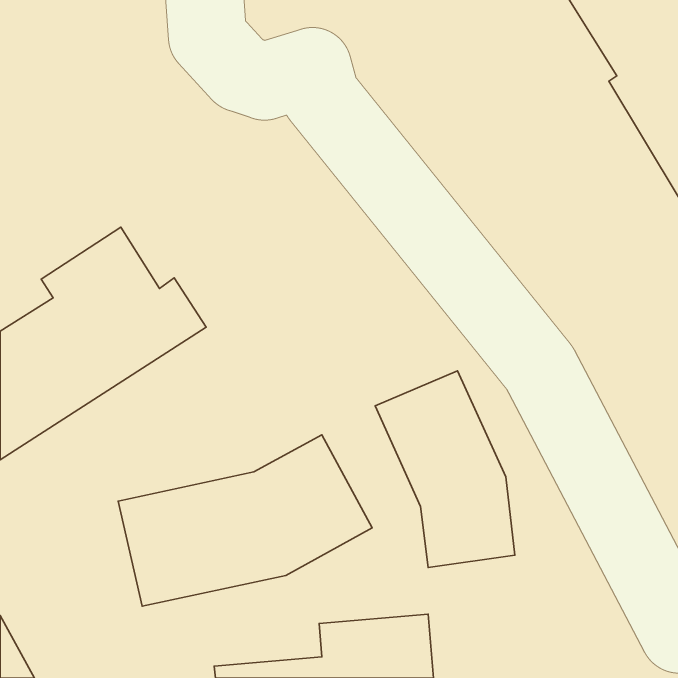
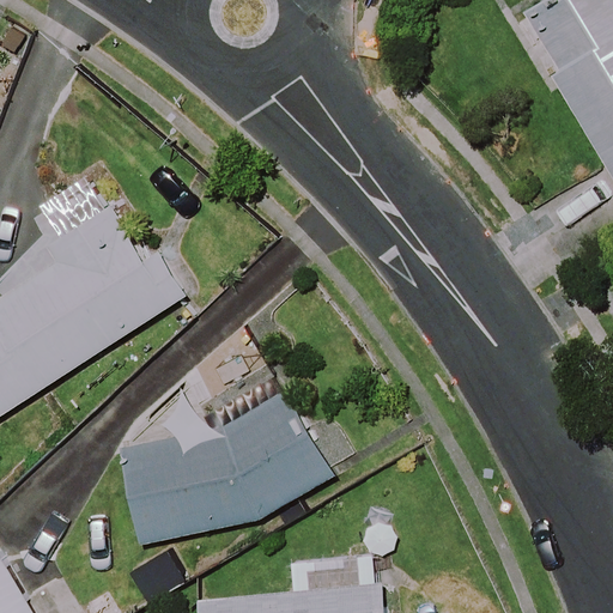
building: [375,371,515,567] -> none

